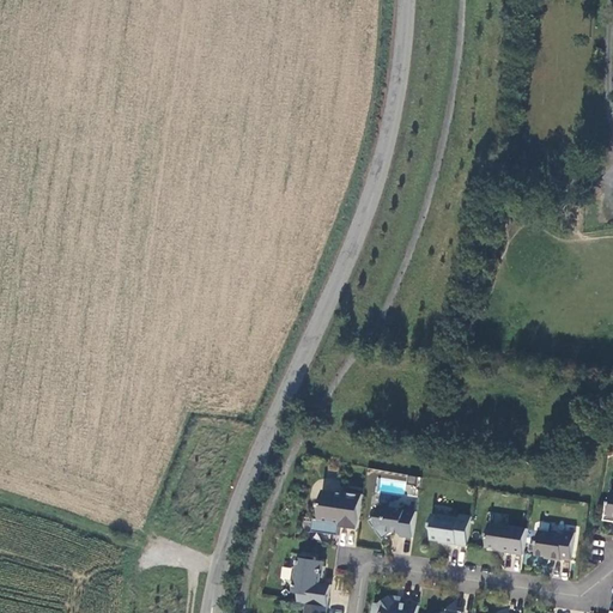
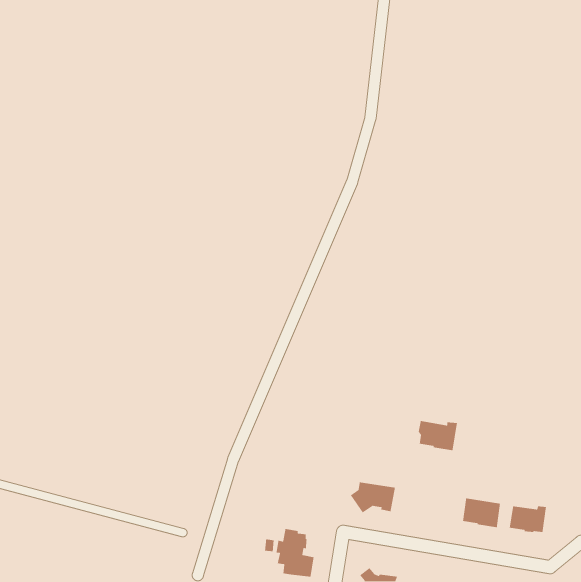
building: [316,488,360,528] -> none
building: [427,512,469,545] -> [418,420,458,451]

